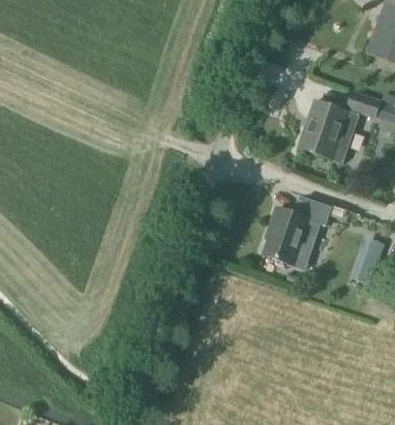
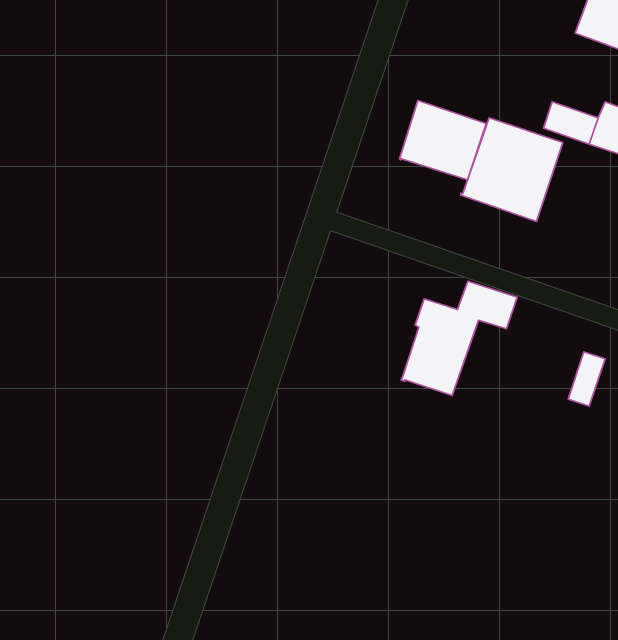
building: none -> [399,101,486,180]

